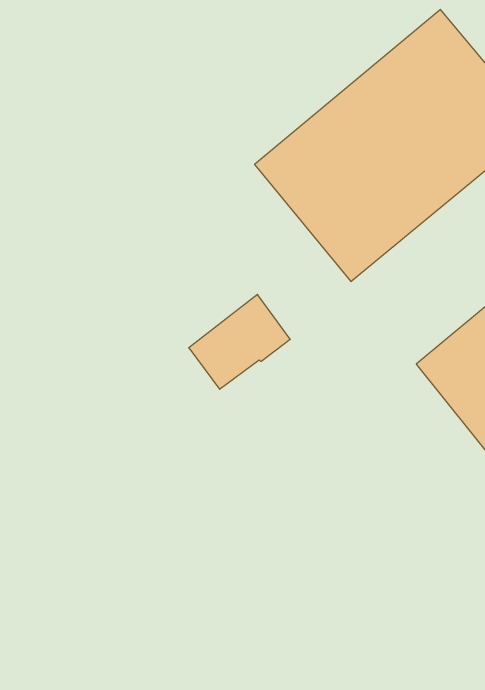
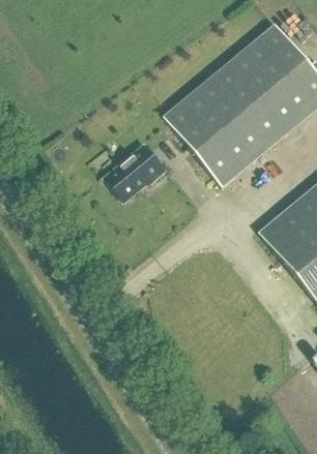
building: [189,294,290,389] -> [103,143,164,200]

